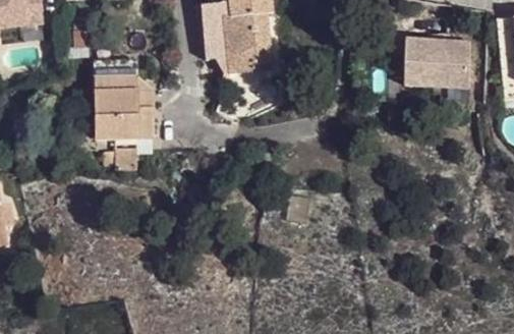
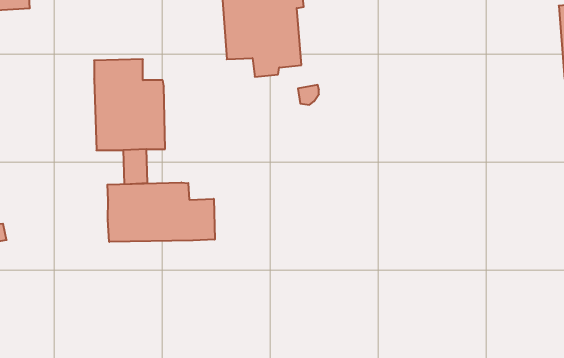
building: [404,36,470,85] -> none
building: none -> [107,182,215,242]

